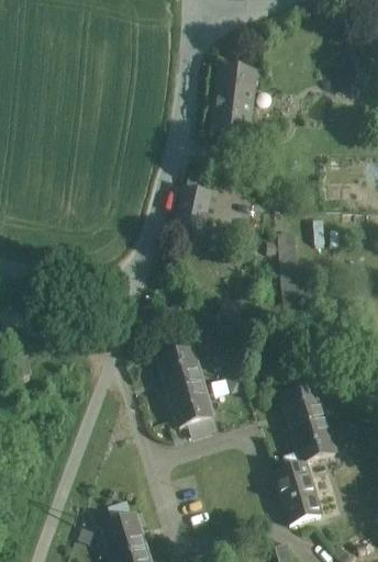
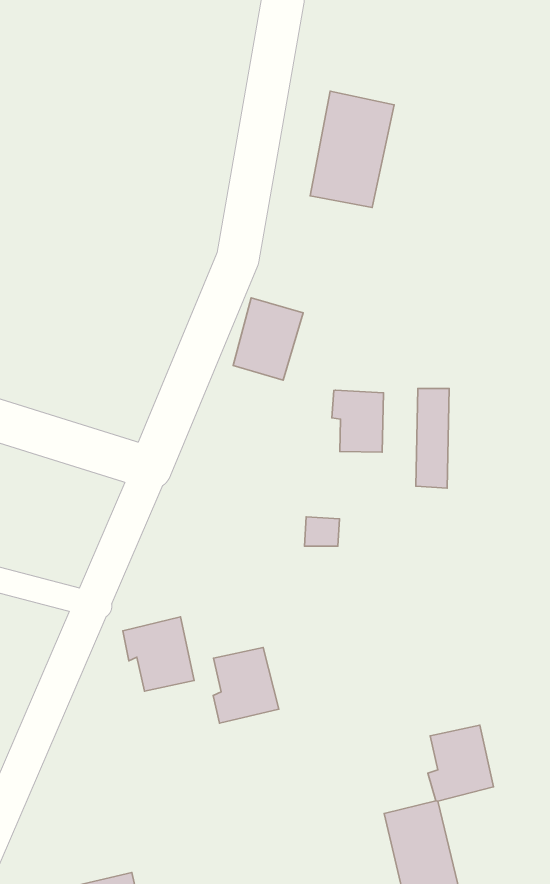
building: none -> [332,390,383,452]
building: [157,345,199,387] -> [123,617,194,691]
building: [280,381,323,424] -> none

